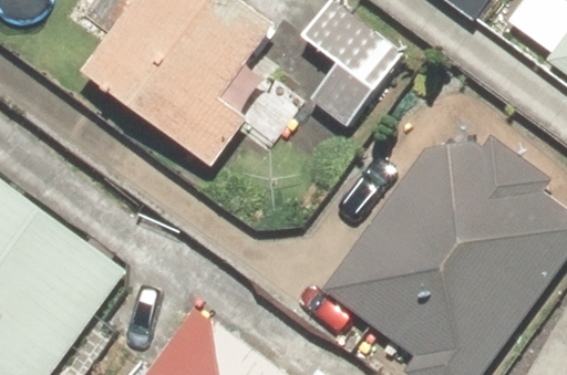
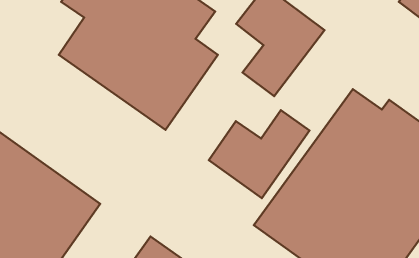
building: none -> [209,110,309,198]

